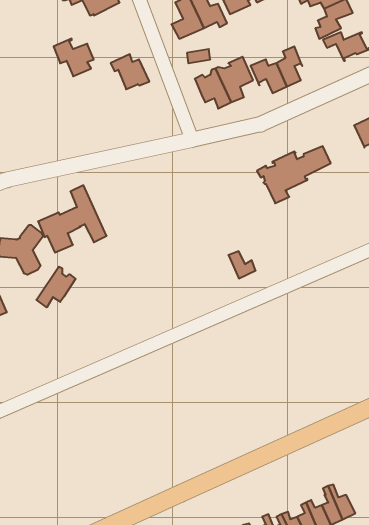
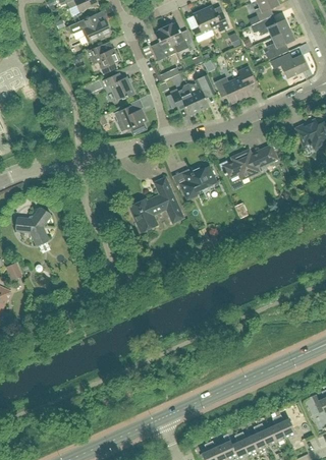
building: [54,39,94,76] -> [88,44,119,73]
building: none -> [118,105,147,134]
building: none -> [179,165,216,199]
building: [38,185,107,253] -> [129,177,183,230]
building: [36,267,76,307] -> none

